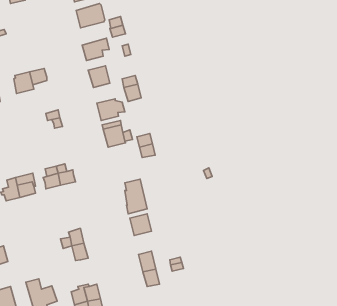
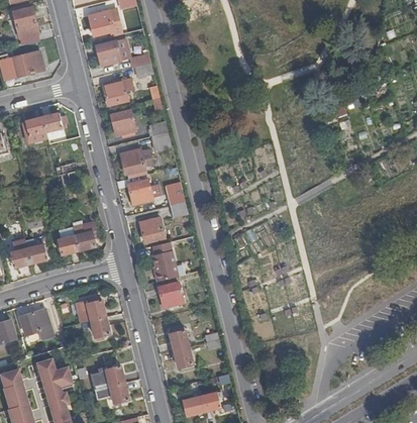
building: none -> [14,49,44,75]
building: none -> [139,217,165,242]
building: none -> [21,309,54,339]

